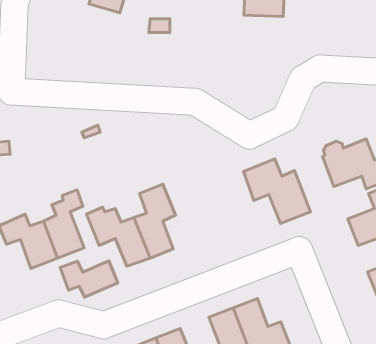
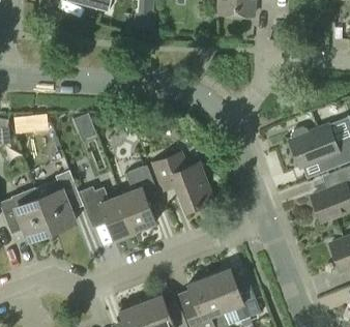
building: [244,159,311,224] -> [153,153,213,211]
building: [60,261,118,297] -> none

